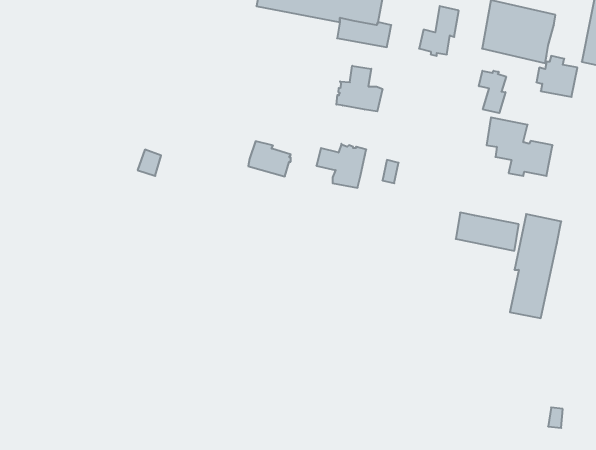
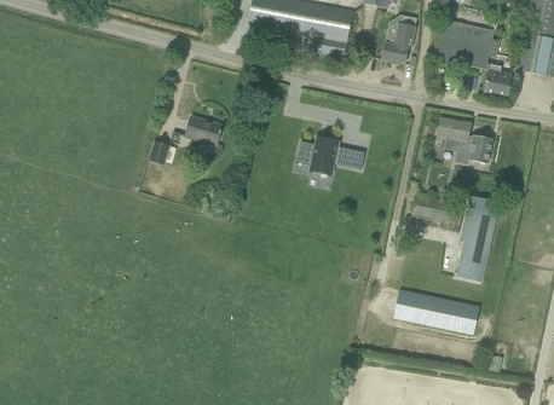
building: [336,66,382,111] -> none
building: [479,71,506,113] -> none
building: [248,141,291,176] -> [186,116,221,145]
building: none -> [394,289,479,334]

